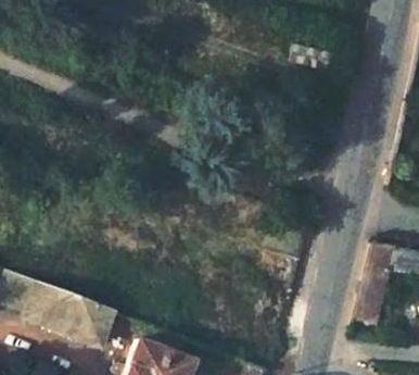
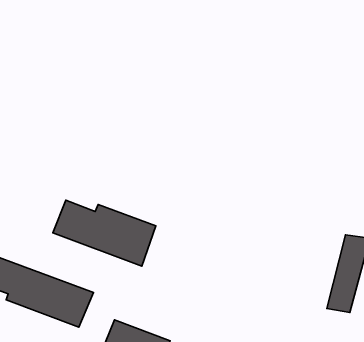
building: none -> [53,200,156,266]

